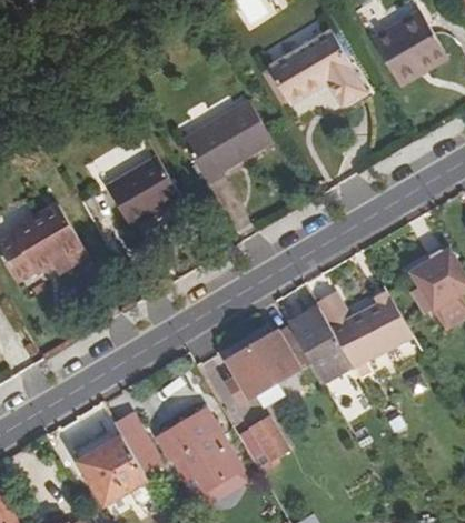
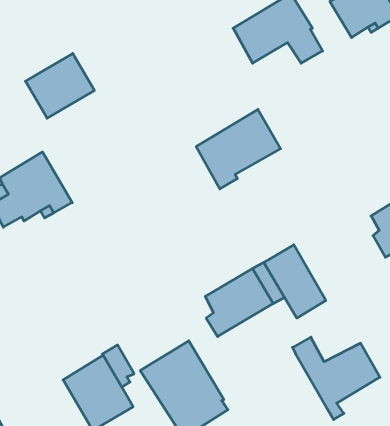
building: [172,102,264,188] -> [196,109,281,189]
building: [100,158,175,228] -> [25,53,94,118]
building: [320,285,415,374] -> [292,337,380,420]
building: [241,416,291,465] -> none

